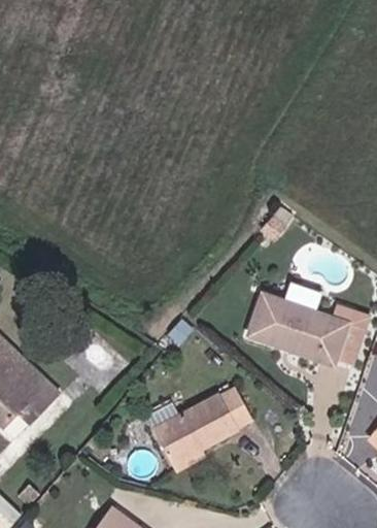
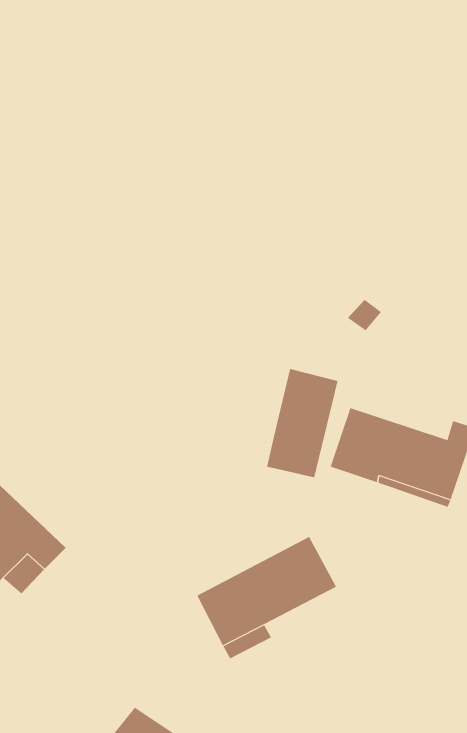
building: none -> [266,368,338,478]

